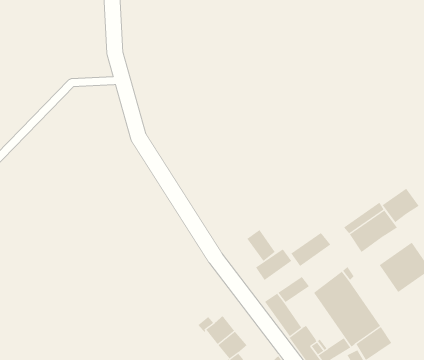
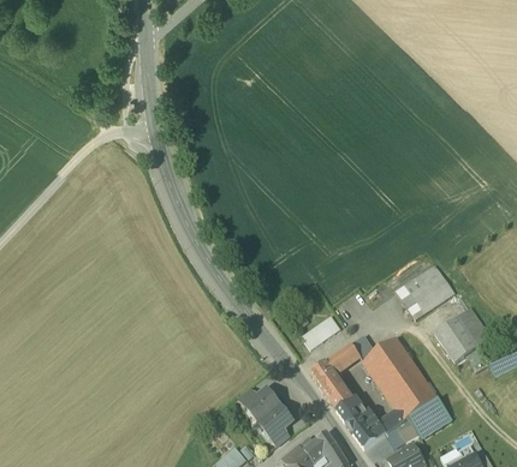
building: [382,188,419,223] -> none
building: [246,229,275,262] -> none
building: [291,232,331,267] -> none

